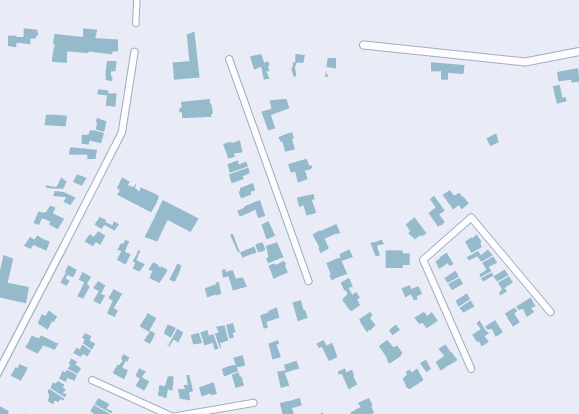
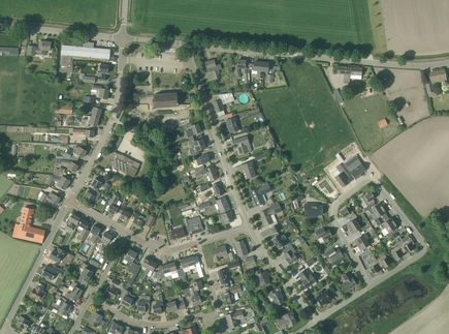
building: [172,31,200,81] -> none
building: [144,199,199,242] -> none

